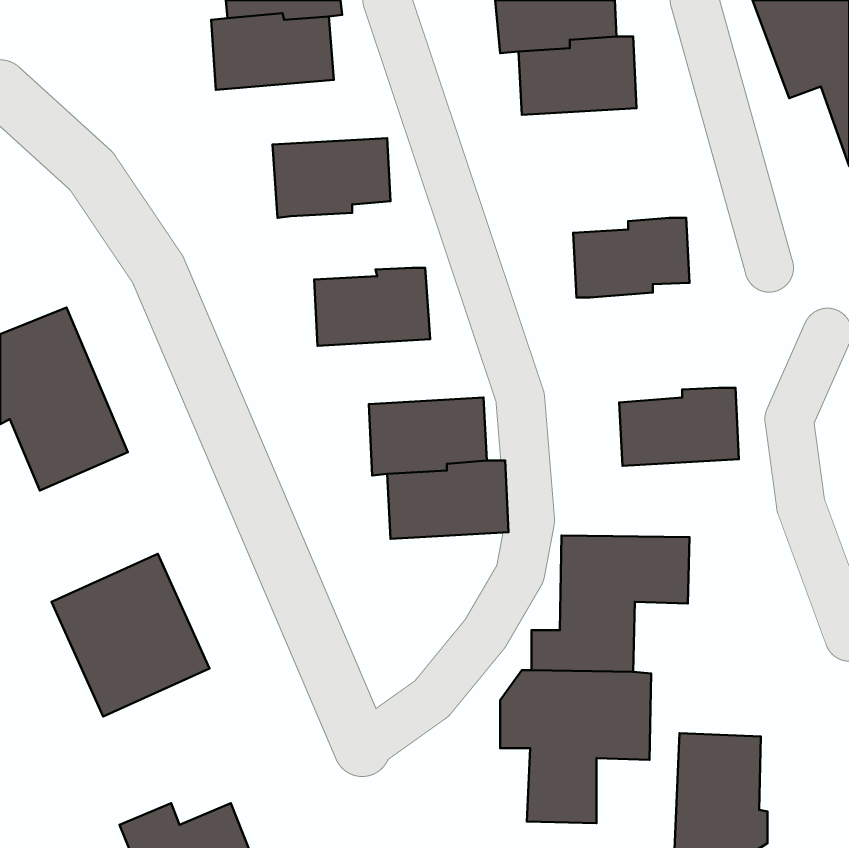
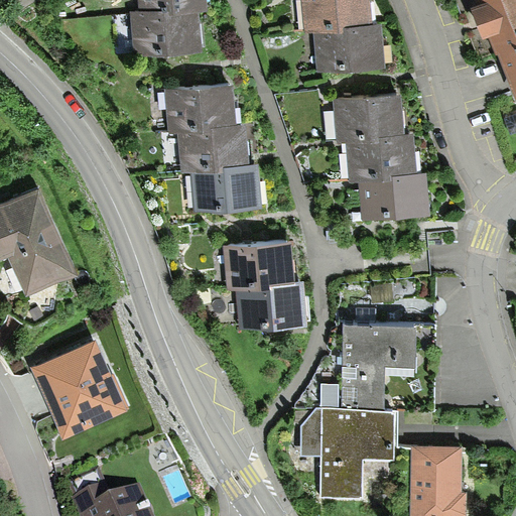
building: none -> [334,95,406,142]
building: none -> [176,123,250,171]
building: [619,388,739,466] -> [358,172,430,220]

